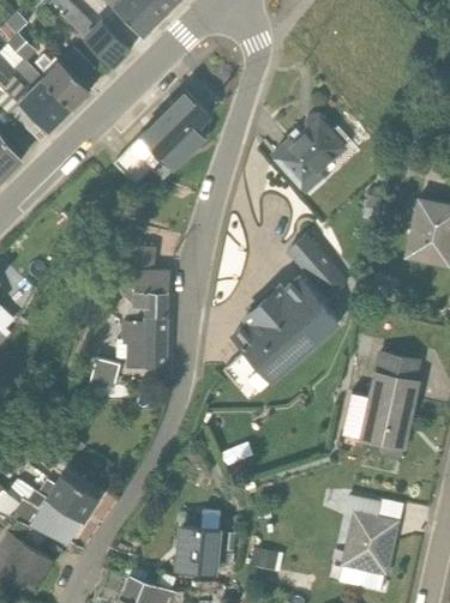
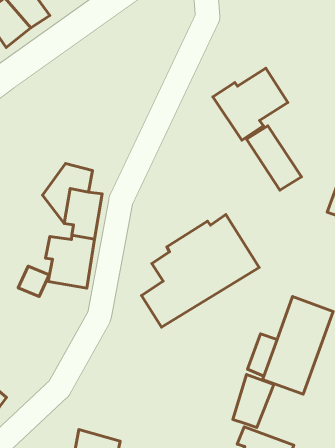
building: [127,91,211,182] -> none
building: [286,235,348,300] -> [246,126,302,190]
building: none -> [233,375,274,427]

